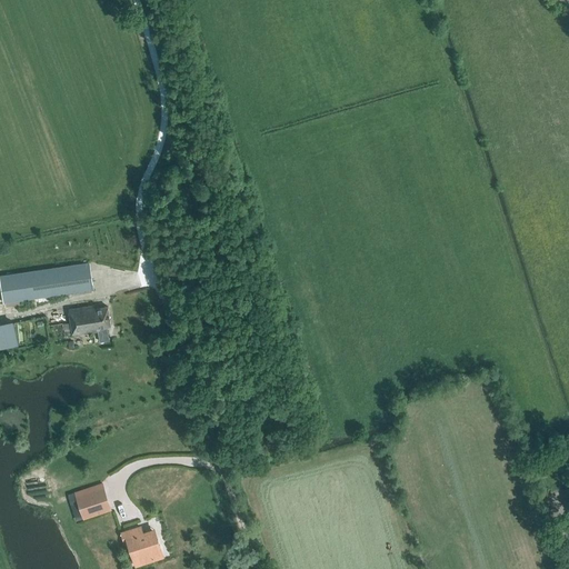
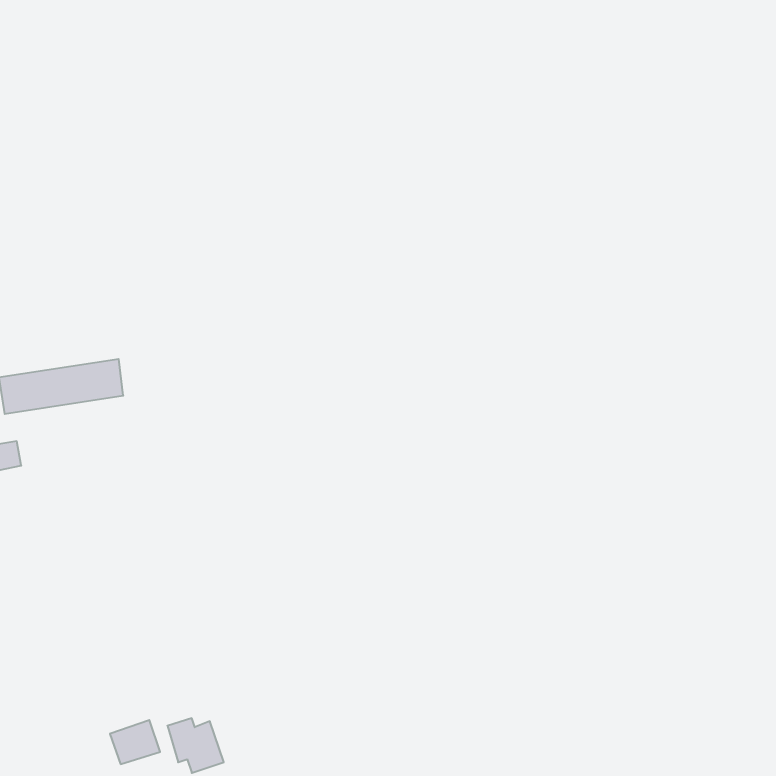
building: [62,307,109,343] -> none
building: [74,488,111,520] -> [110,720,160,764]

